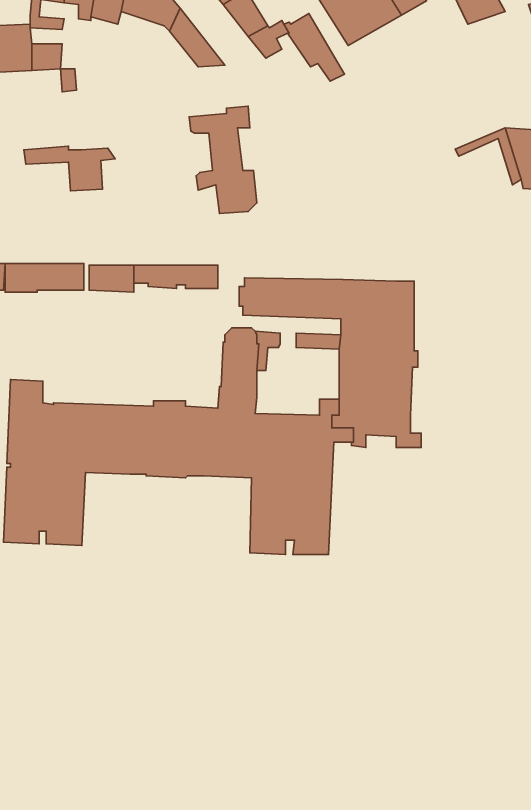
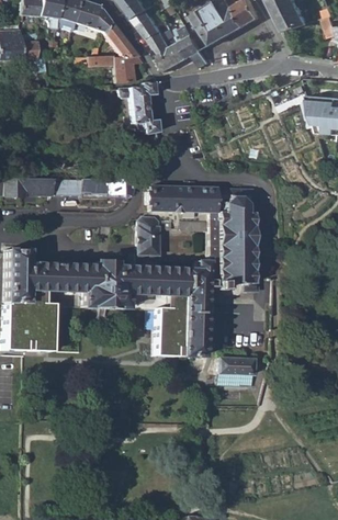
building: none -> [161,36,191,70]
building: [24,146,115,191] -> [87,55,143,82]
building: none -> [218,358,253,386]

